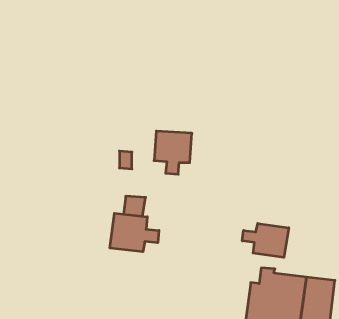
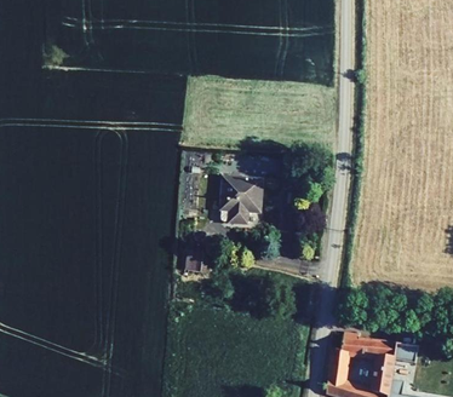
building: [110,213,159,252] -> none
building: [242,223,289,257] -> none

